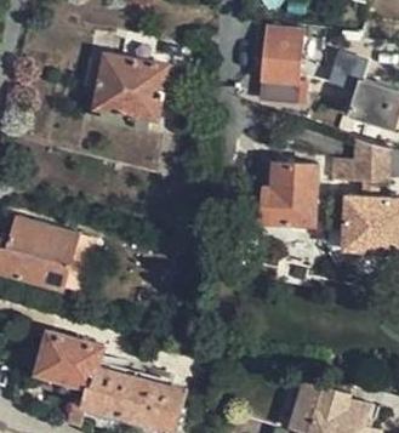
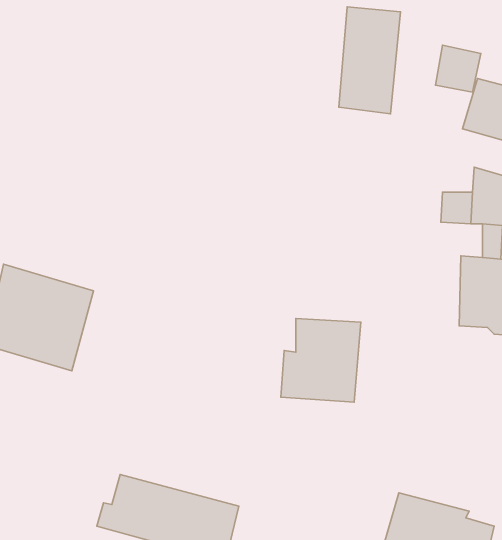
building: [90,53,166,129] -> none
building: [261,164,319,224] -> [281,319,361,402]
building: [36,329,104,388] -> none

